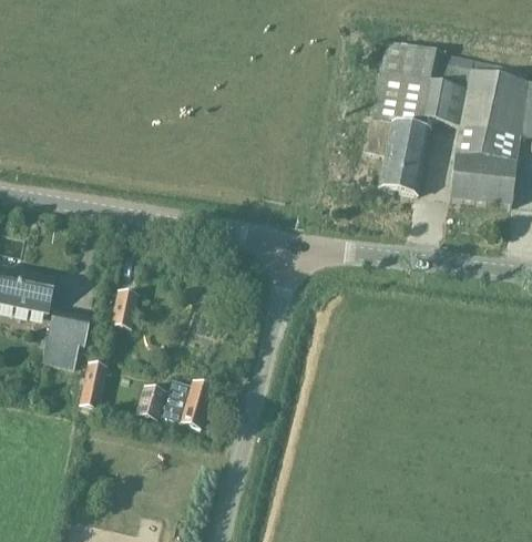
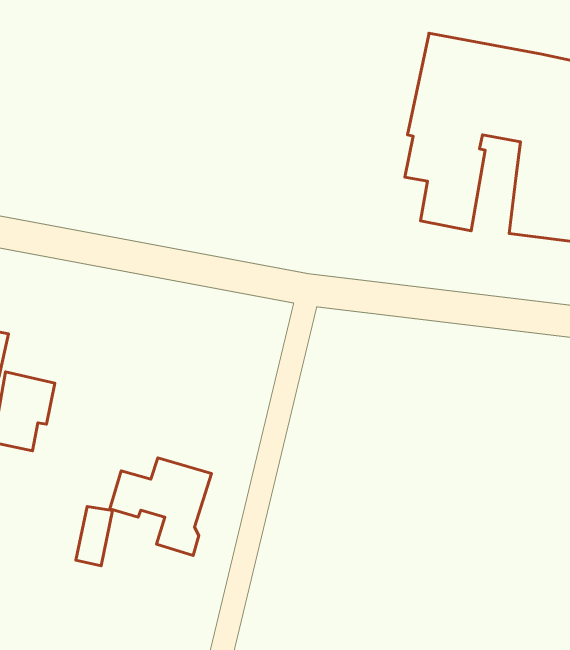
building: [112,289,141,328] -> none
building: [80,362,109,409] -> [76,506,113,566]

